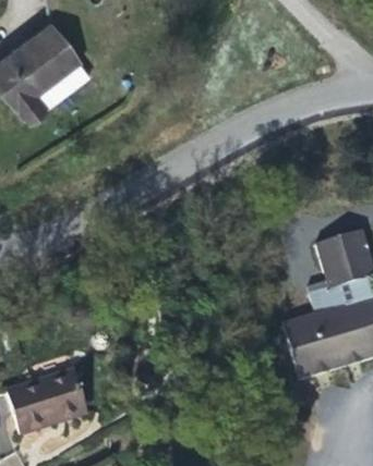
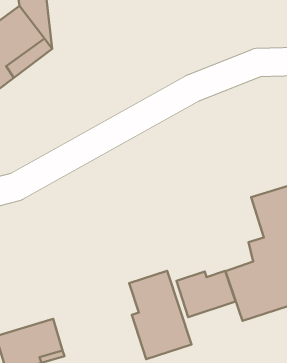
building: none -> [129,271,191,359]
building: none -> [176,271,235,317]

